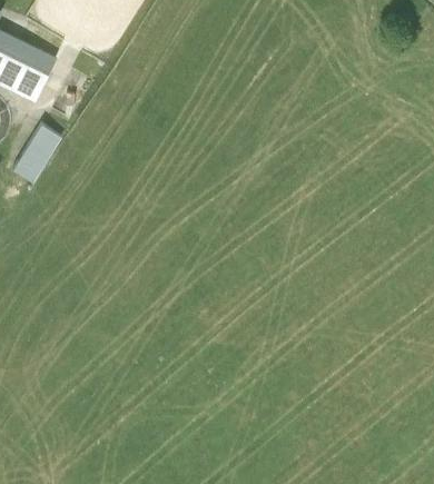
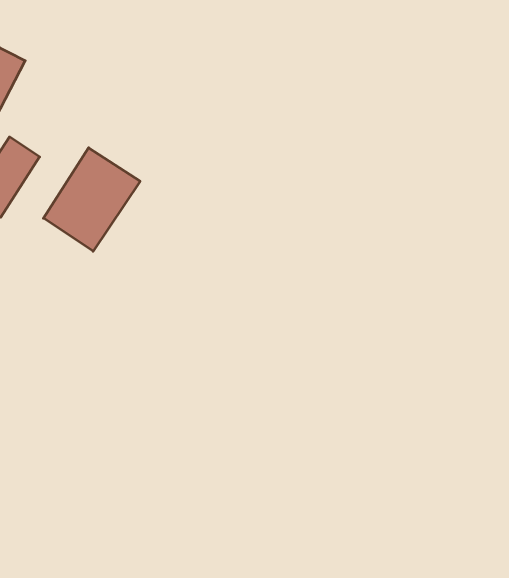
building: none -> [43,148,140,251]

